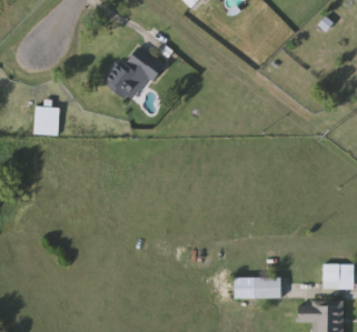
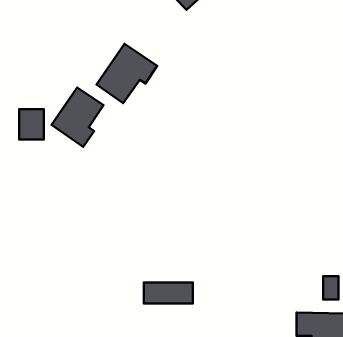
building: none -> [51,87,104,147]
building: [234,276,280,296] -> [144,282,193,303]

